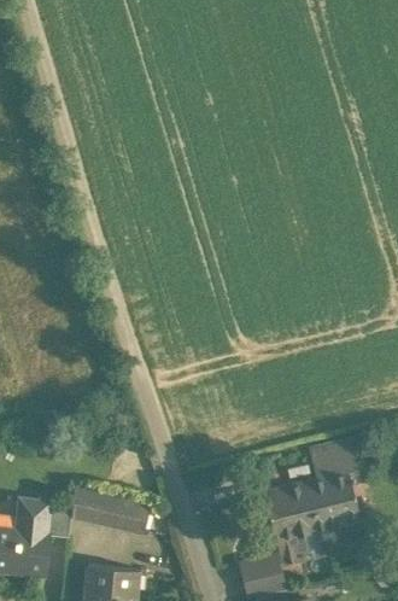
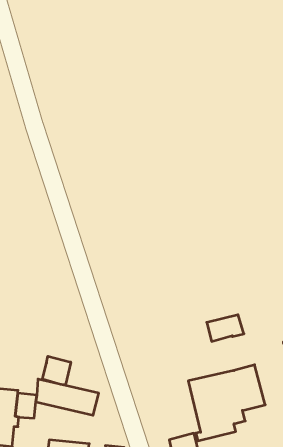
building: [315,443,362,477] -> [207,315,244,341]
building: none -> [43,356,71,385]

